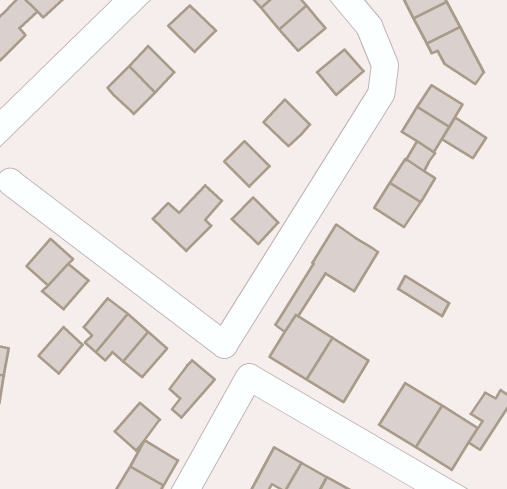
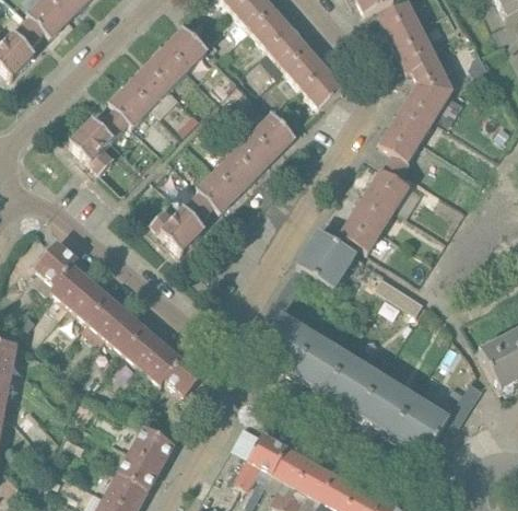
building: none -> [145,45,188,88]
building: none -> [283,47,326,88]
building: none -> [69,108,129,172]
building: [442,118,486,158] -> [405,80,446,117]
building: none -> [234,133,274,174]
building: [232,198,278,244] -> [196,170,238,212]
building: none -> [340,212,380,251]
building: [39,327,83,374] -> [68,279,108,322]
building: none -> [325,352,381,411]
building: [115,403,160,451] -> [140,341,181,385]

